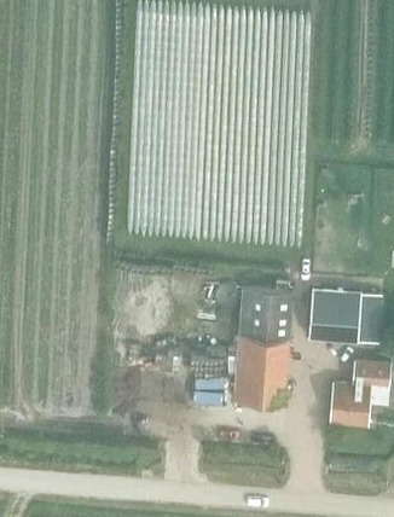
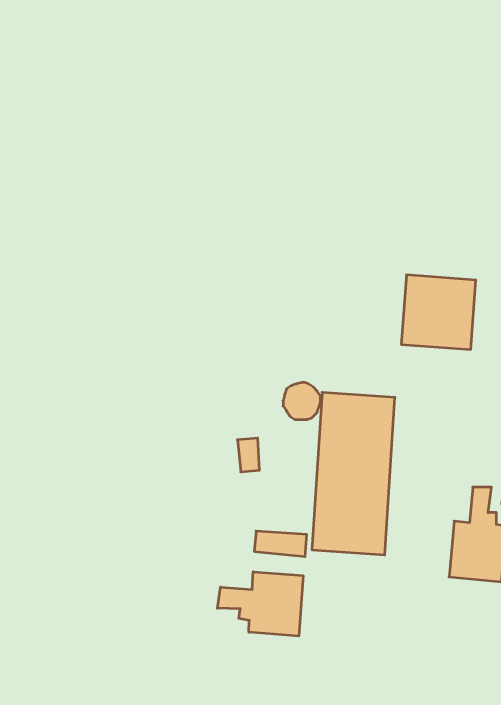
building: [309,290,363,343] -> [401,275,476,349]
building: none -> [217,572,303,636]

